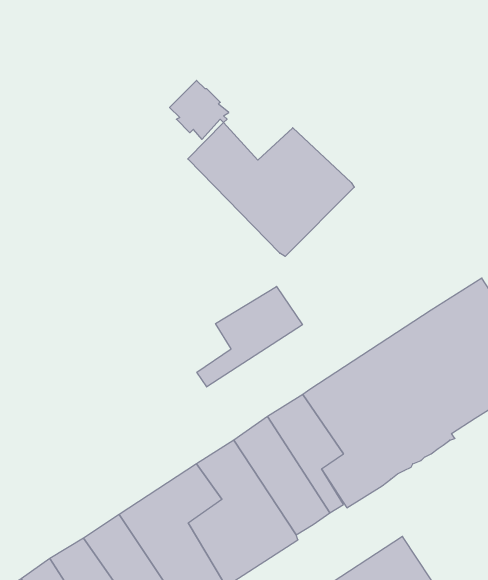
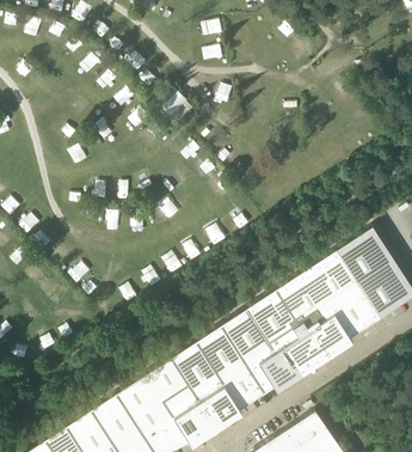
building: [188,123,354,256] -> none
building: [197,286,302,387] -> none

